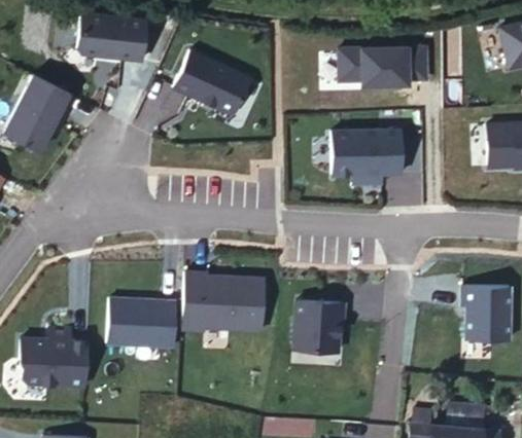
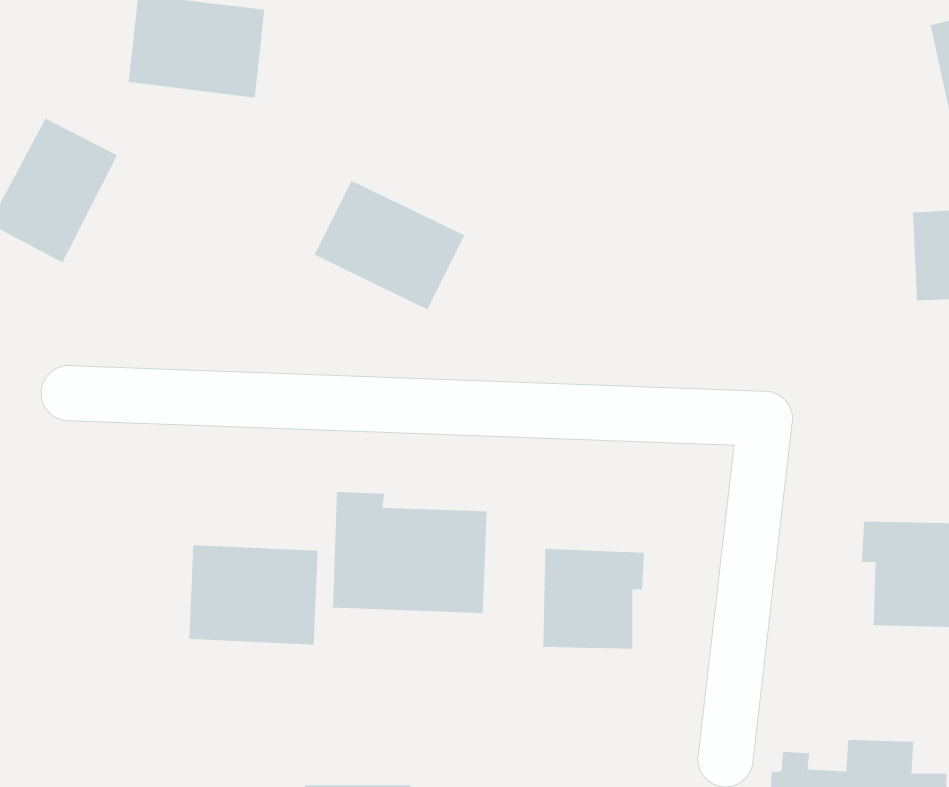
building: [338,45,429,83] -> none
building: [174,49,253,117] -> [314,180,465,310]
building: [334,130,403,187] -> none
building: [22,330,89,387] -> none

